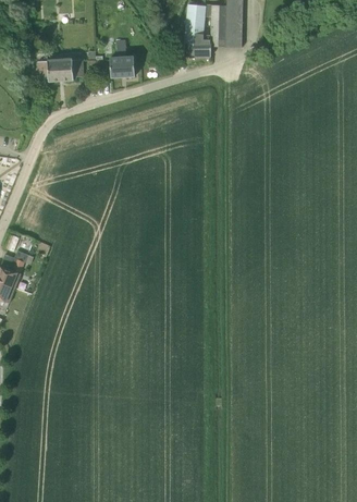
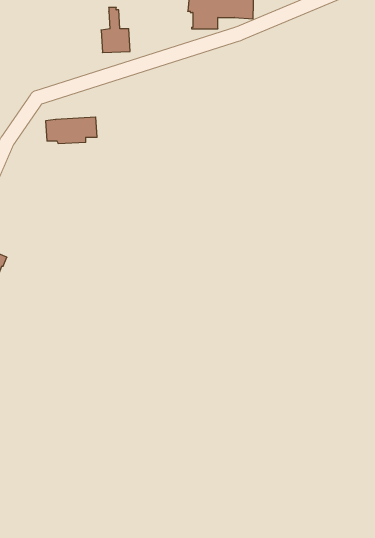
building: [37,58,82,81] -> [46,117,97,143]

